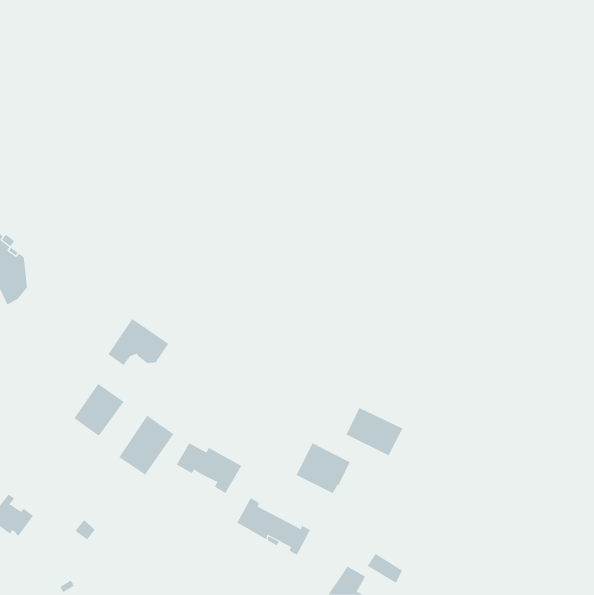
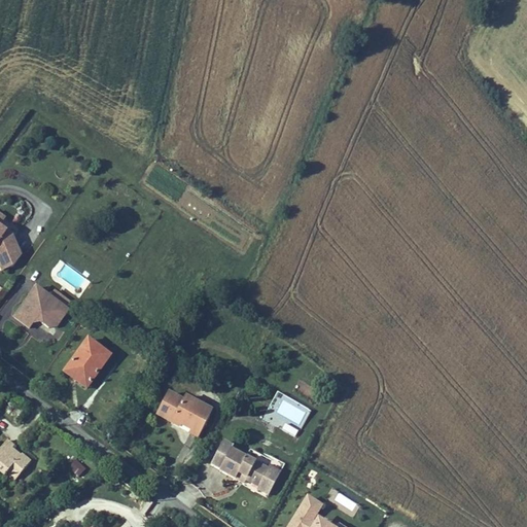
building: [107,318,169,366] -> [16,284,71,326]
building: [346,407,403,456] -> none
building: [118,415,174,475] -> none

